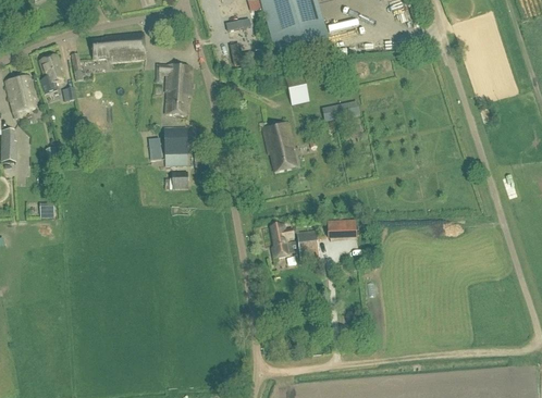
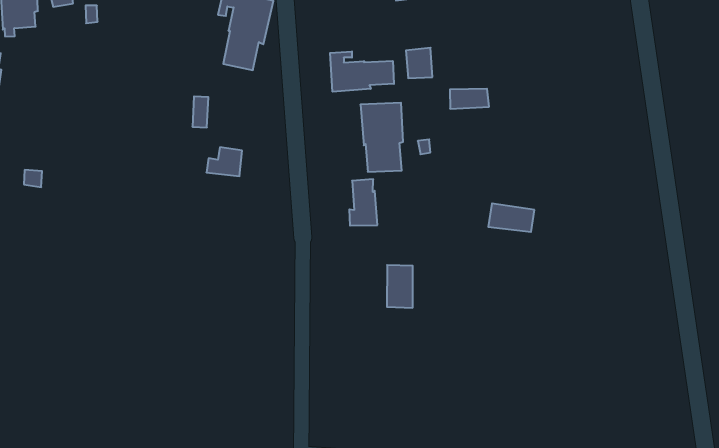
building: none -> [330,51,394,92]
building: [164,125,187,165] -> none
building: [328,220,357,236] -> [488,203,534,232]
building: [270,223,292,257] -> [349,179,377,226]

